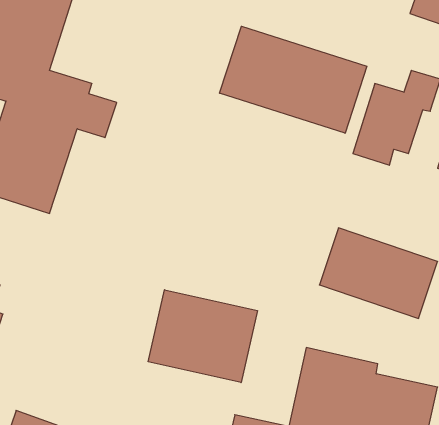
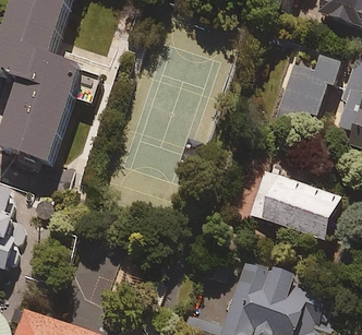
building: [220,26,367,133] -> none
building: [148,290,257,383] -> none

